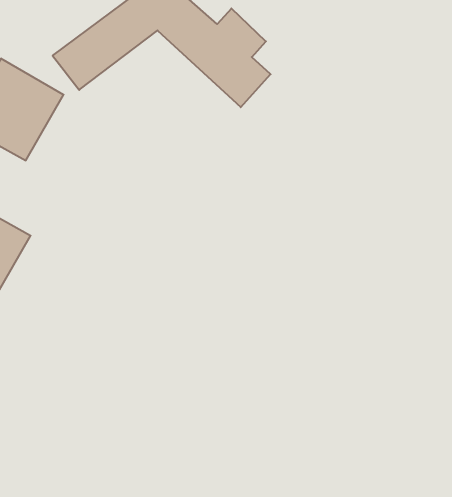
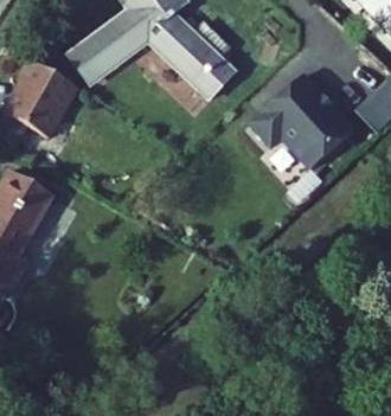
building: none -> [251,75,353,167]

